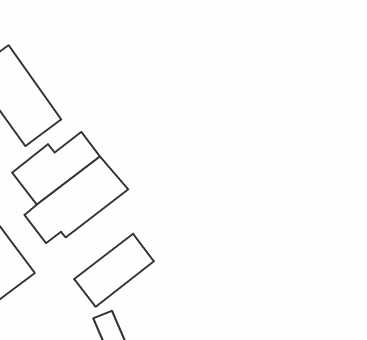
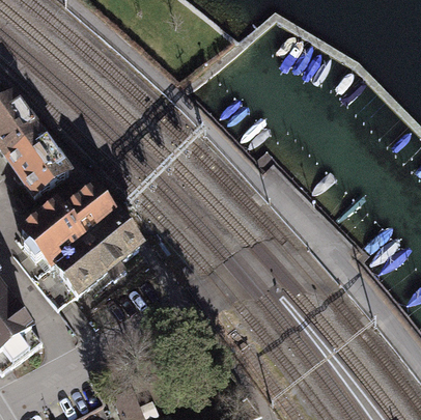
building: [74,234,154,307] -> none

